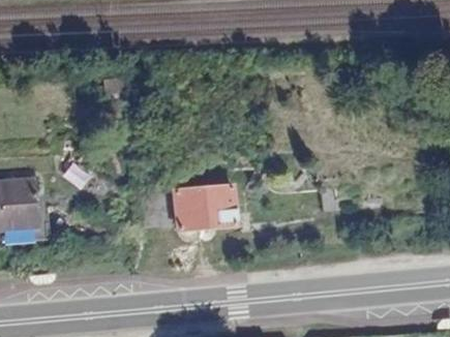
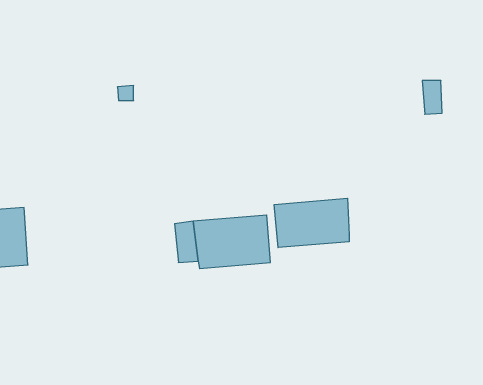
building: none -> [274,198,349,248]

